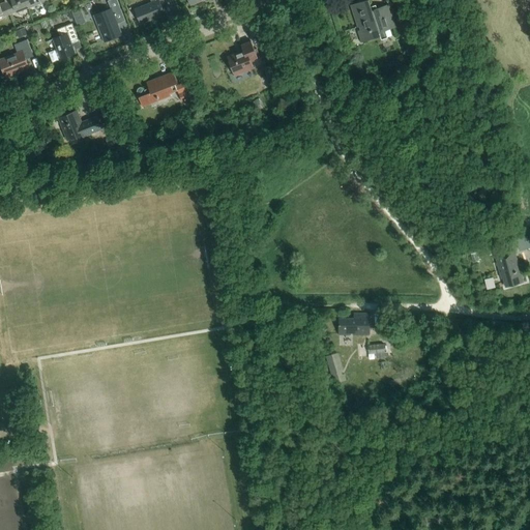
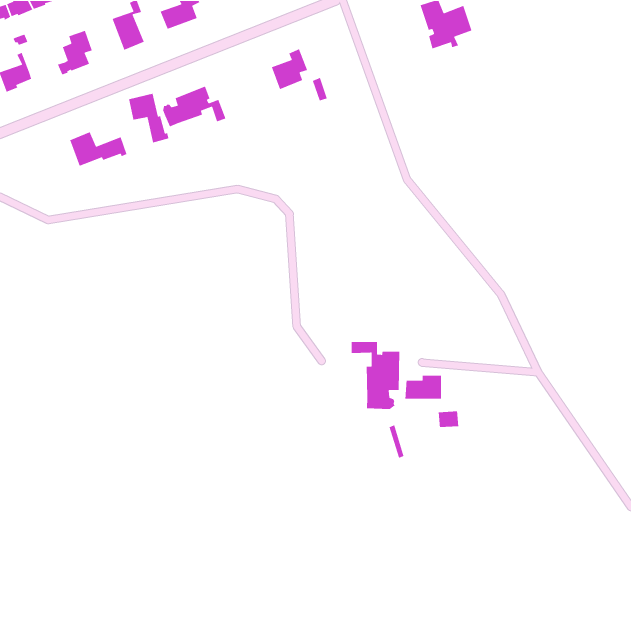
building: none -> [128,93,169,143]
building: [495,252,523,287] -> none
building: none -> [351,341,400,410]

